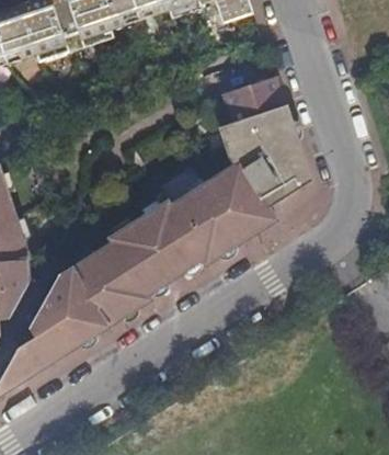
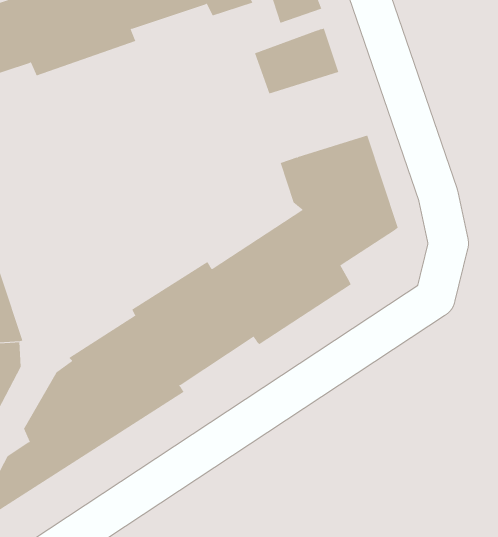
building: [224,75,287,124] -> [254,28,339,94]

